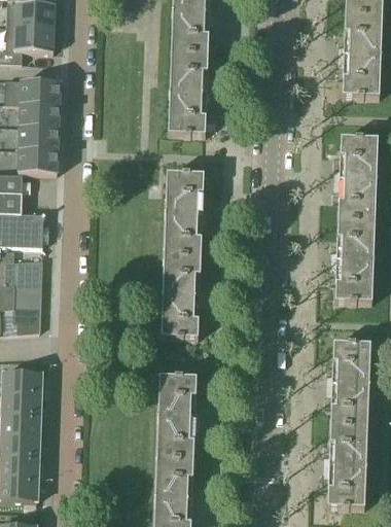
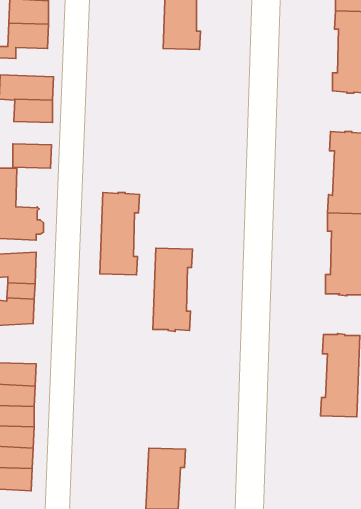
building: [168,52,208,136] -> none
building: [19,127,59,150] -> none
building: [164,173,204,256] -> [100,193,139,275]
building: [156,376,197,459] -> none
building: [327,425,367,508] -> none

